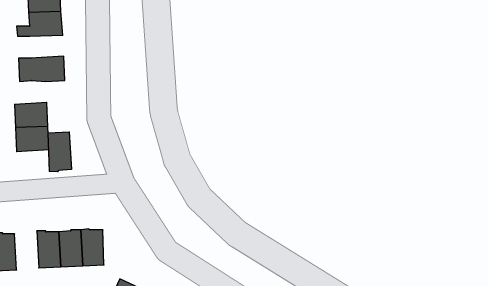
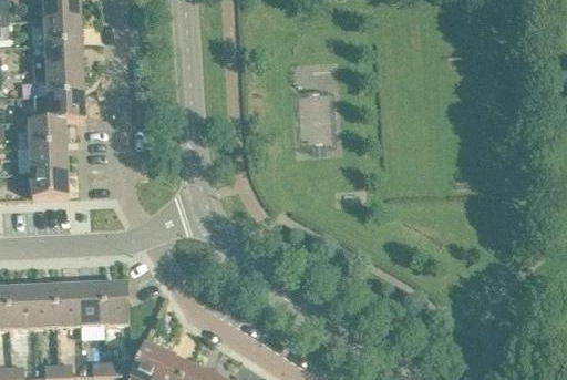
building: none -> [32,69,83,94]
building: none -> [28,119,64,145]
building: [48,132,71,172] -> none
building: none -> [29,285,55,328]

